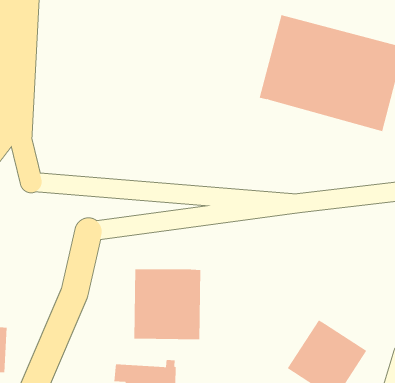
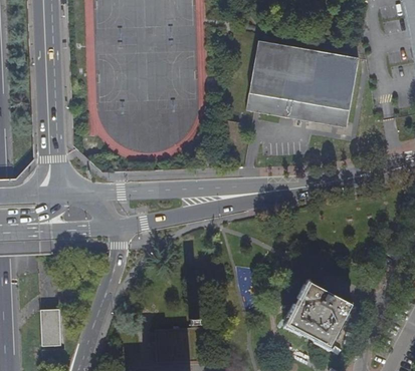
building: [134,268,201,340] -> none

